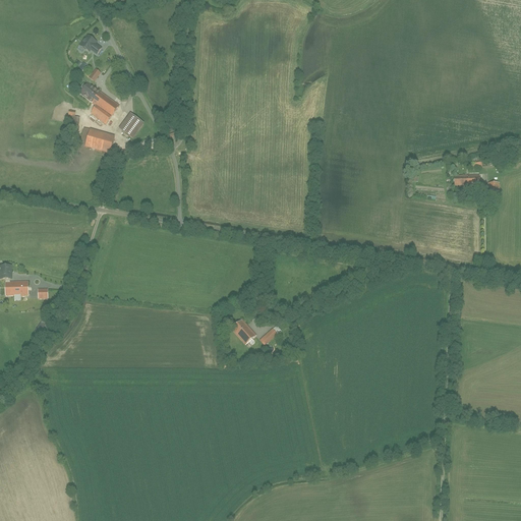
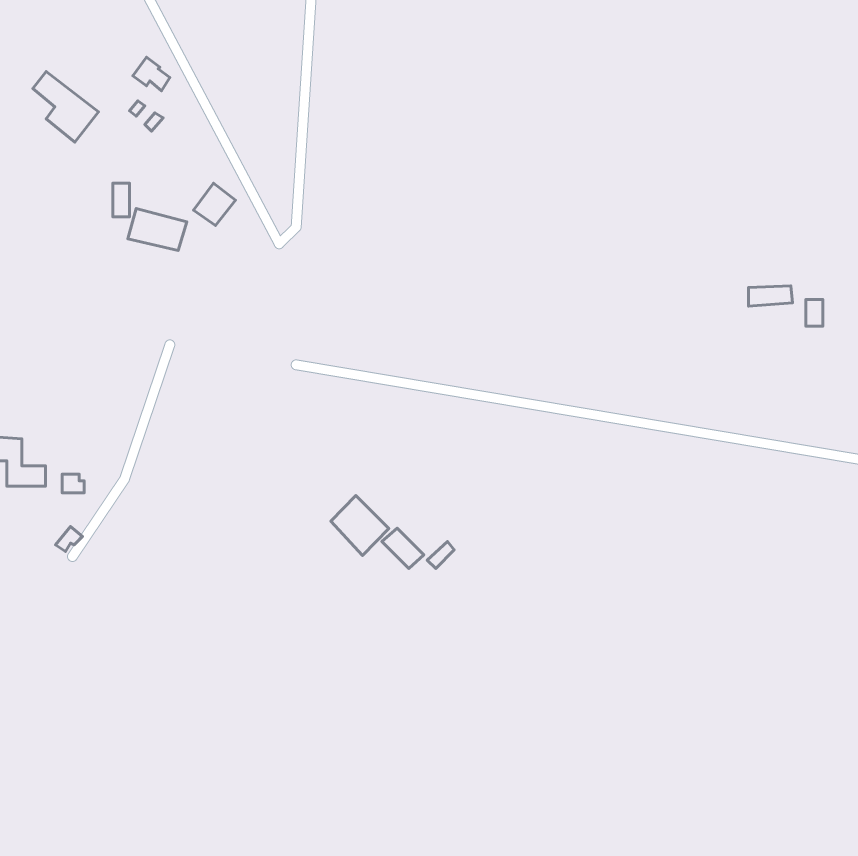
building: [79,82,119,125] -> [33,72,98,142]
building: none -> [331,496,389,555]

